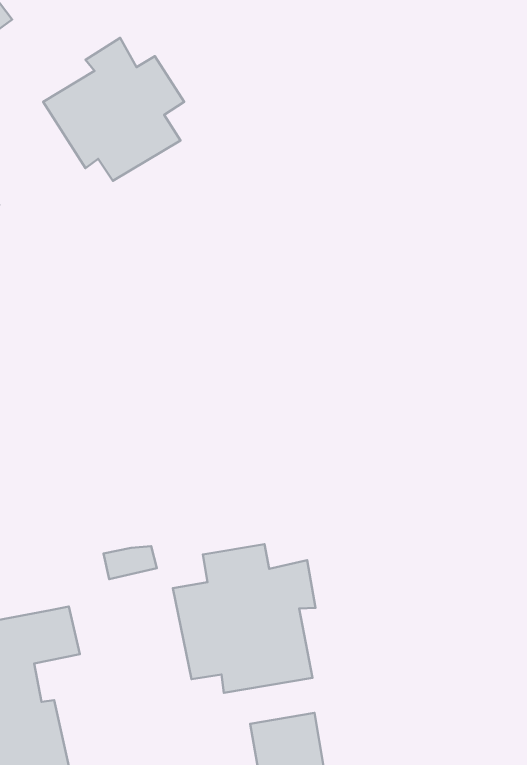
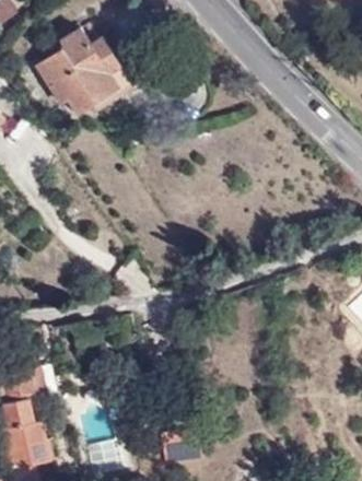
building: [173,544,315,693] -> none

